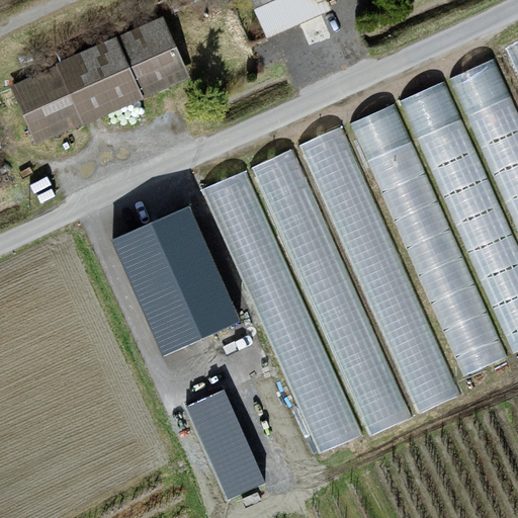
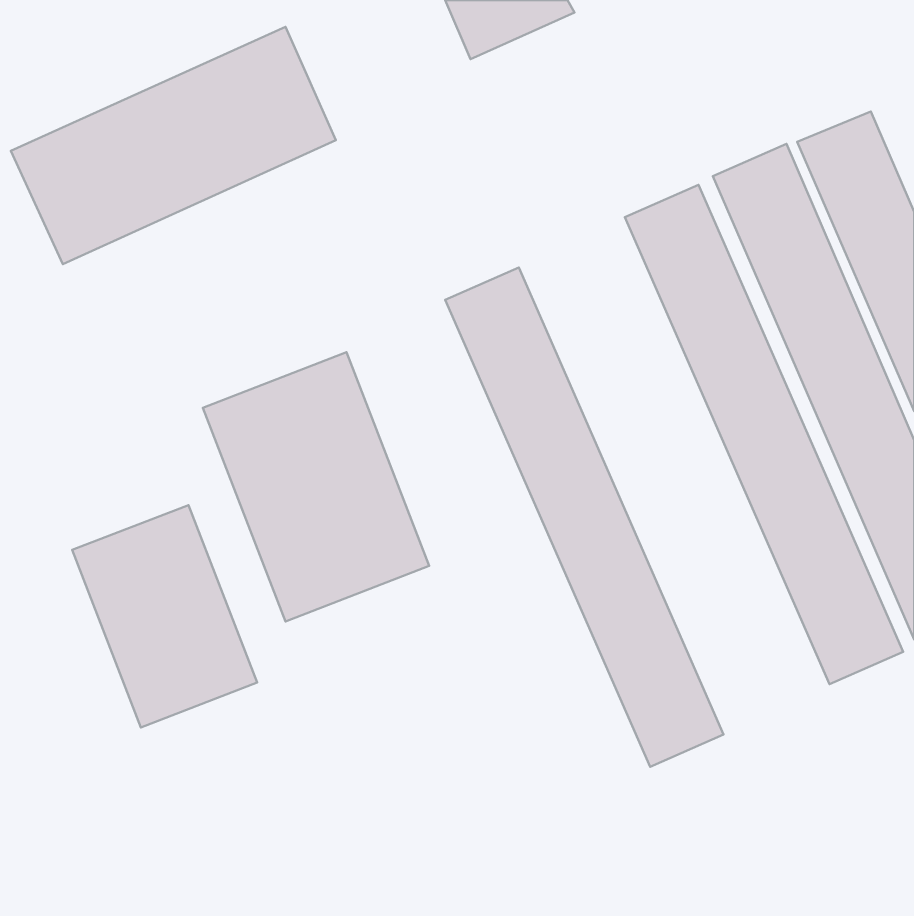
building: [297,128,454,410] -> none
building: [203,172,360,453] -> none
building: none -> [72,505,257,727]
building: [186,383,267,496] -> none

